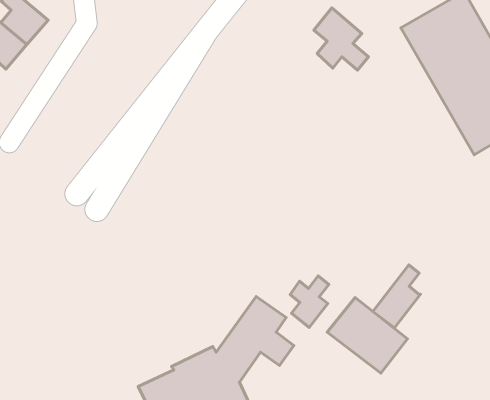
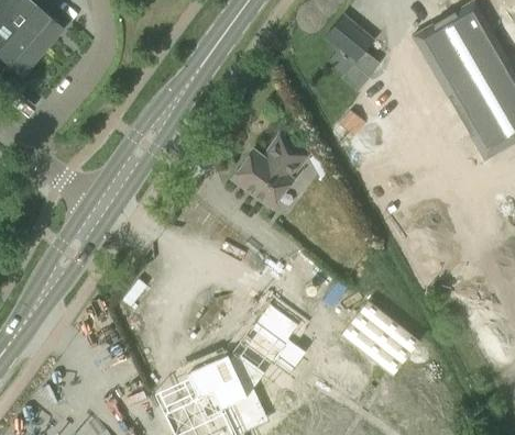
building: none -> [232,136,309,210]
building: [373,265,421,328] -> none
building: [290,276,329,328] -> none

